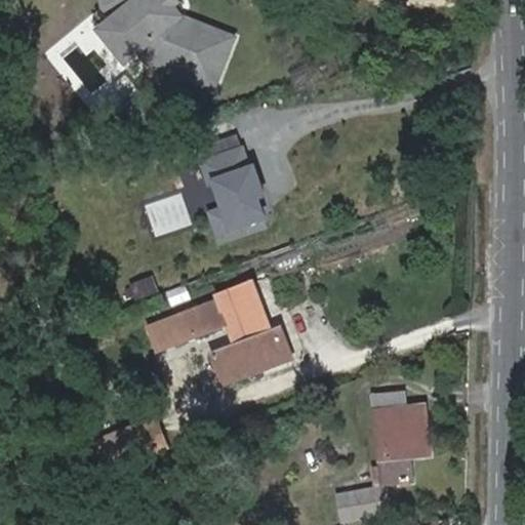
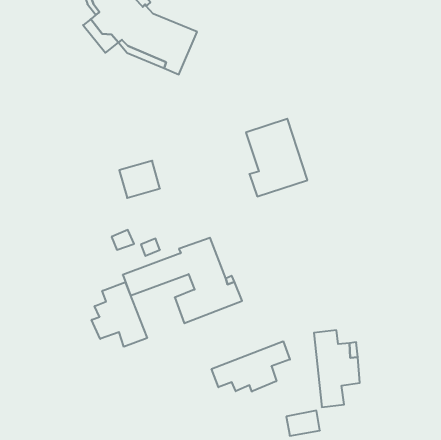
building: [201,143,274,235] -> [246,119,307,196]
building: none -> [92,282,147,347]
building: none -> [212,341,290,392]

